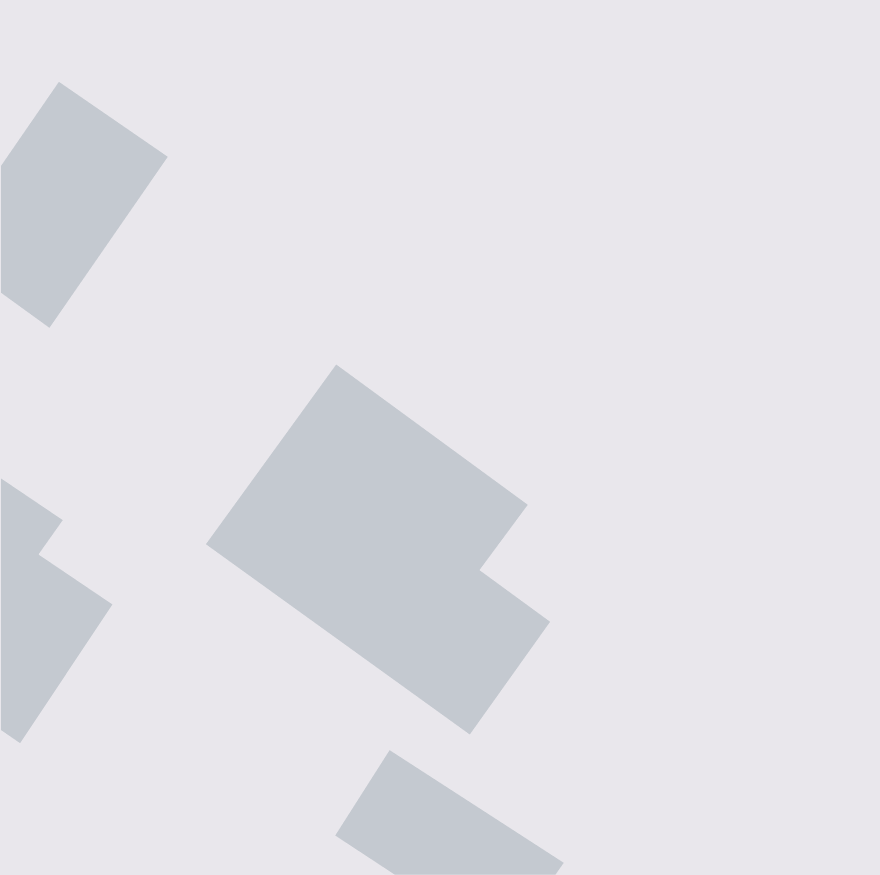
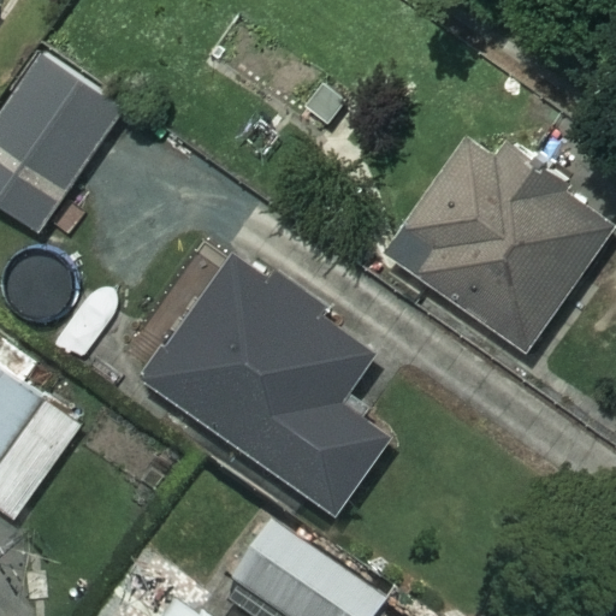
building: none -> [384,131,605,348]

